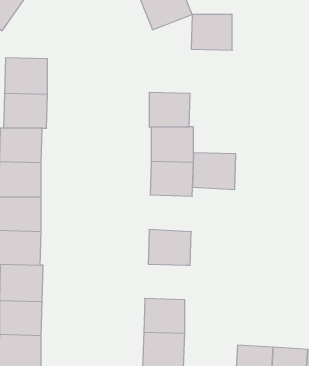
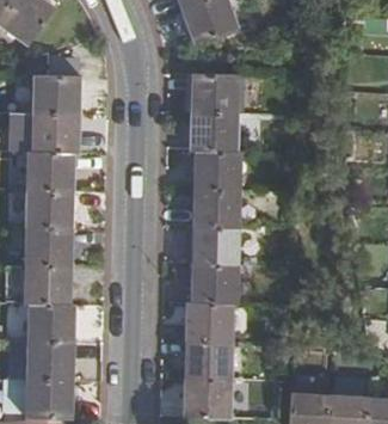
building: [191,15,232,50] -> [191,75,236,115]
building: [193,153,236,189] -> [191,227,239,268]
building: none -> [186,303,232,343]

